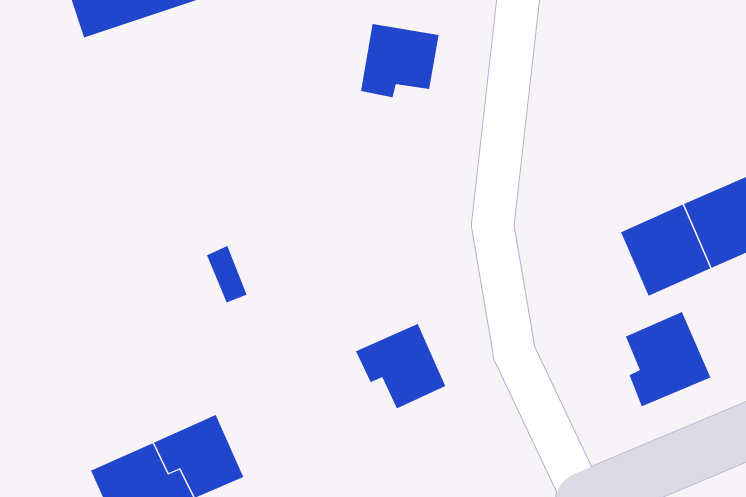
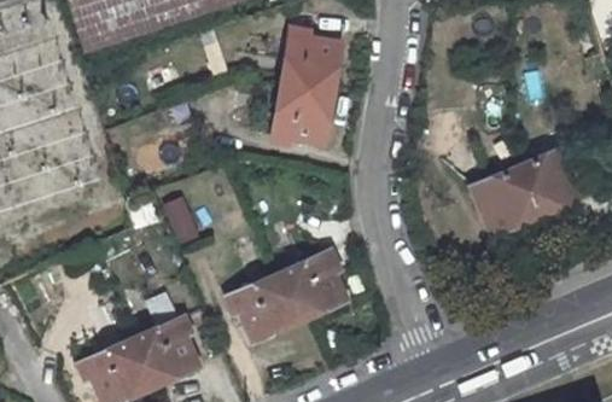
building: none -> [275,78,334,141]
building: [625,311,711,407] -> none
building: none -> [234,273,310,339]

